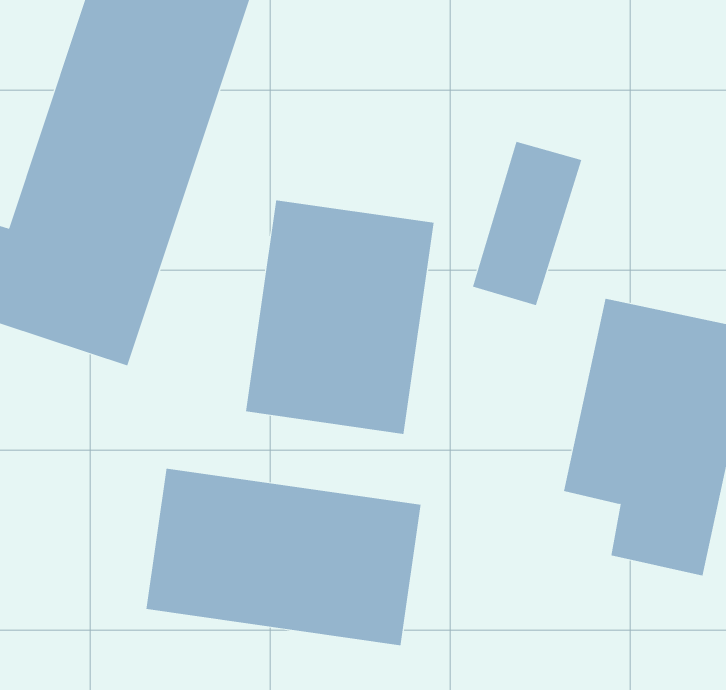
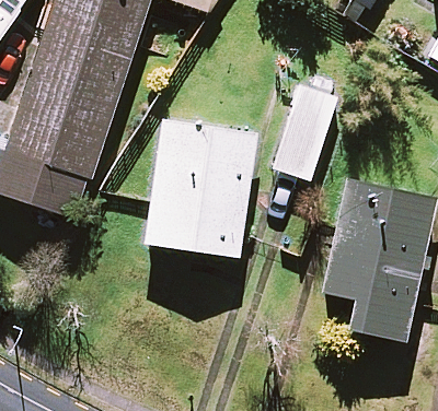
building: [146,468,421,646] -> none

